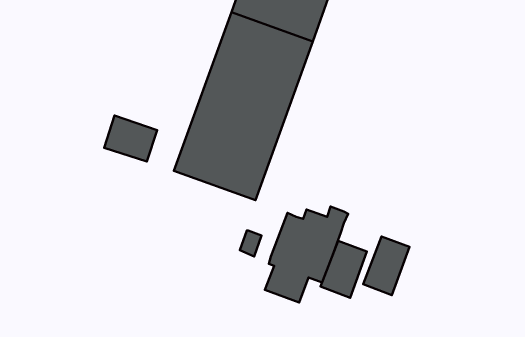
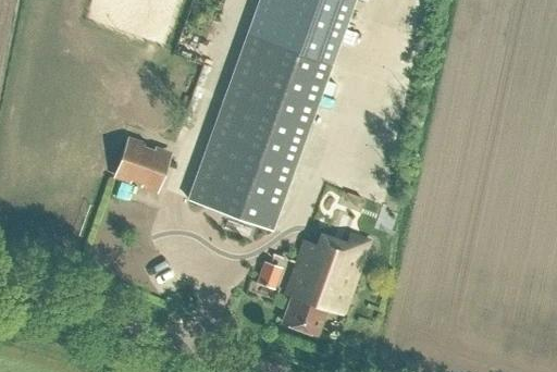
building: [363,237,409,295] -> none
building: [321,241,367,298] -> none

